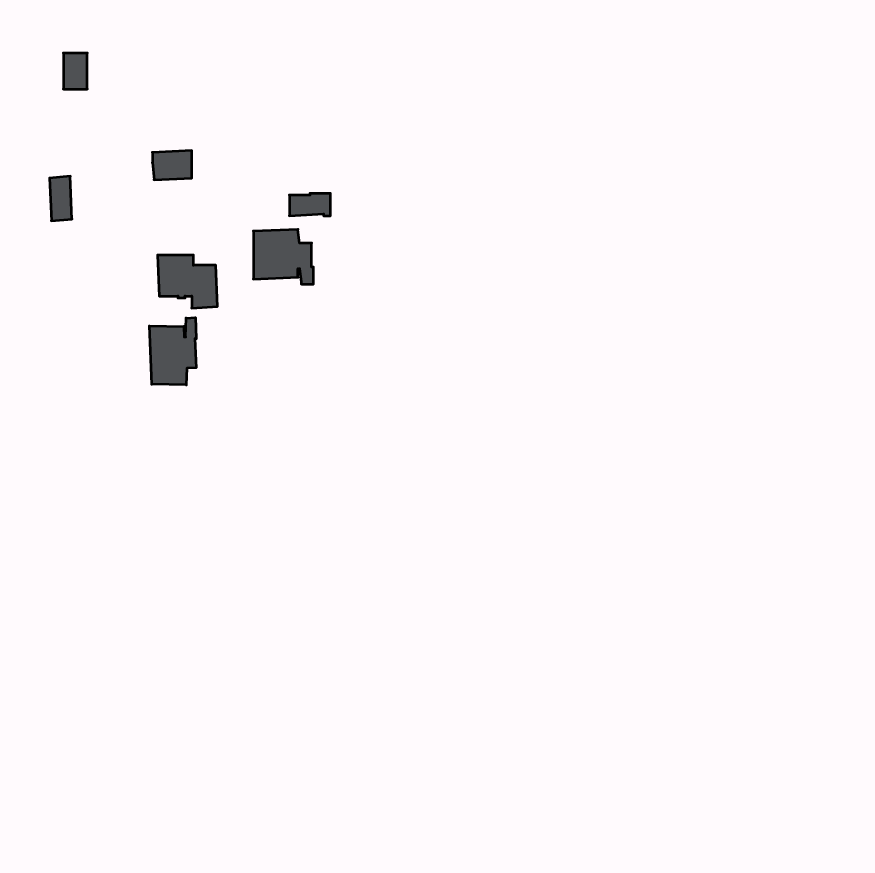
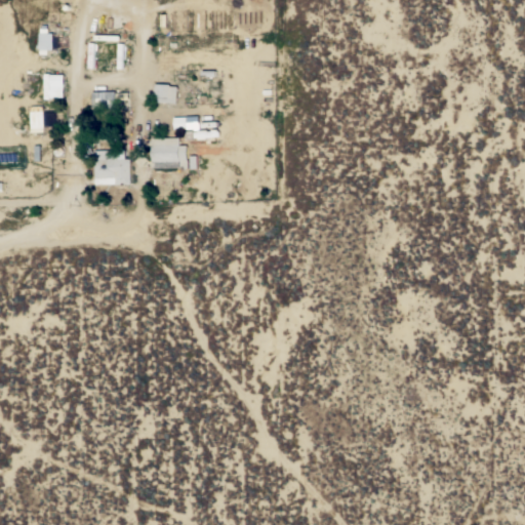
building: none -> [44,75,63,99]
building: none -> [155,85,177,104]
building: [149,318,196,385] -> none

